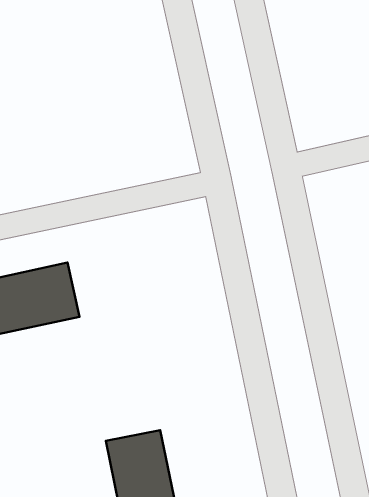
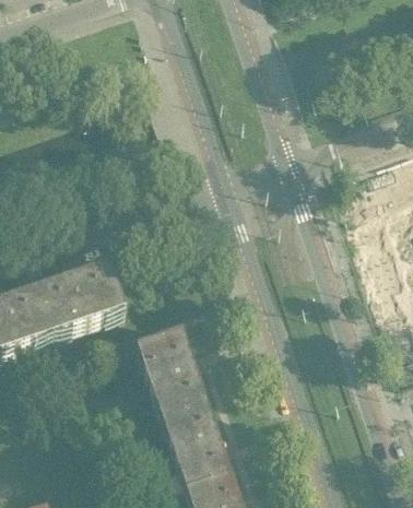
building: none -> [138,327,209,414]

